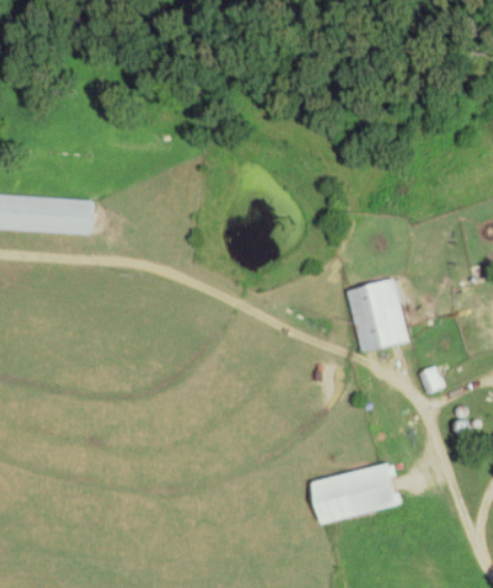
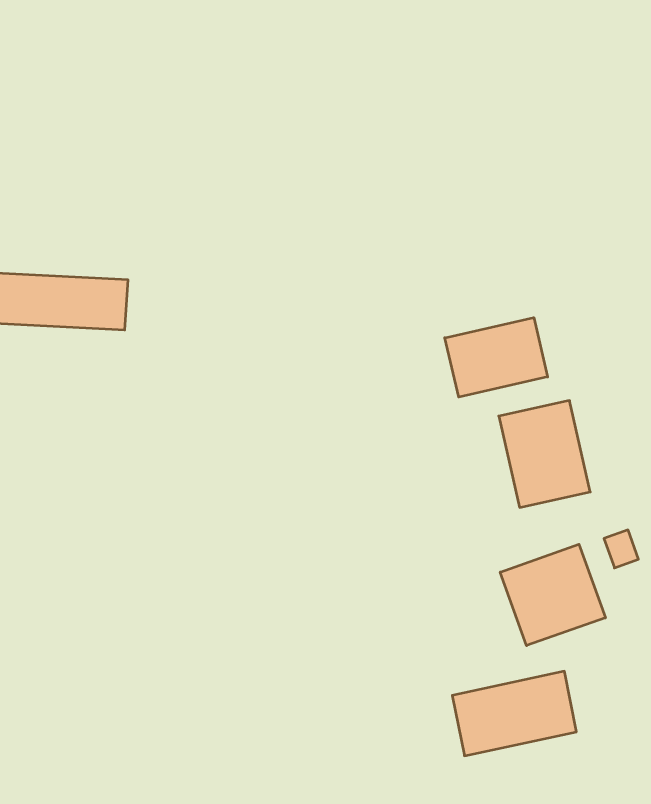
building: none -> [445,318,548,397]
building: none -> [500,544,605,646]

